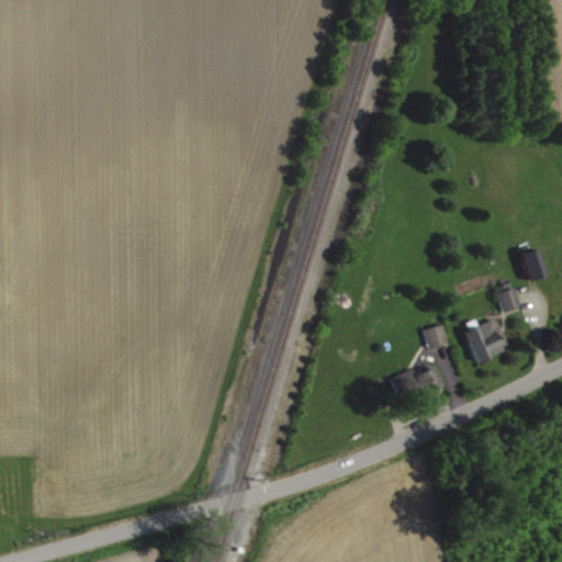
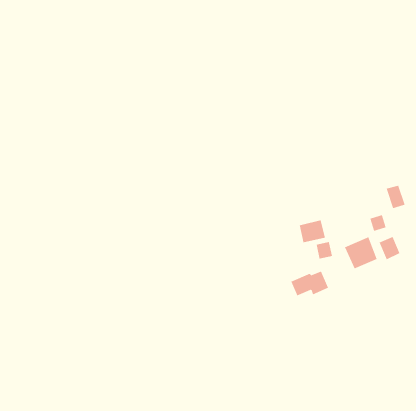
building: none -> [299,220,326,243]
building: none -> [379,236,400,260]

